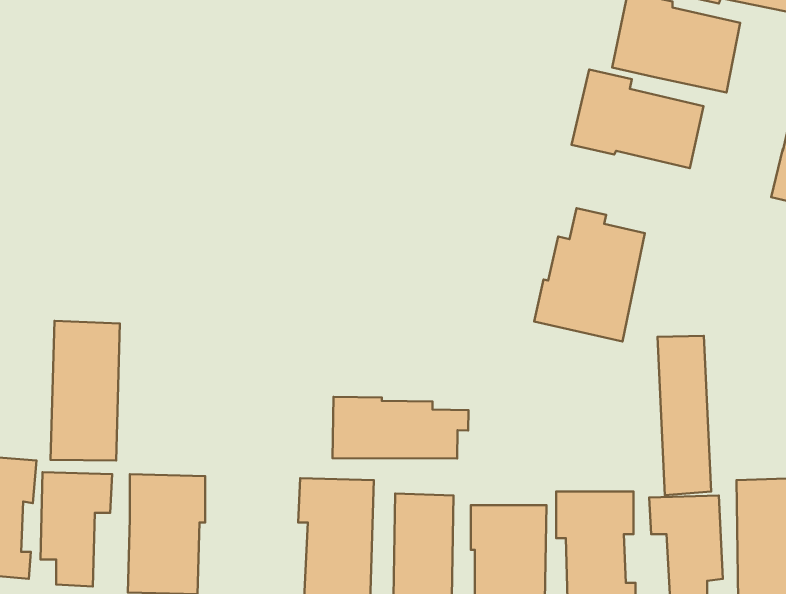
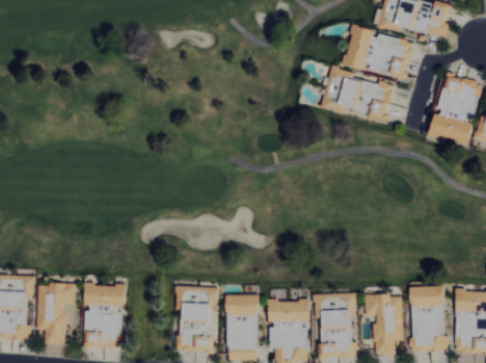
building: [534,208,645,342] -> none
building: [50,321,120,460] -> none
building: [658,336,711,495] -> none
building: [332,397,468,459] -> none

